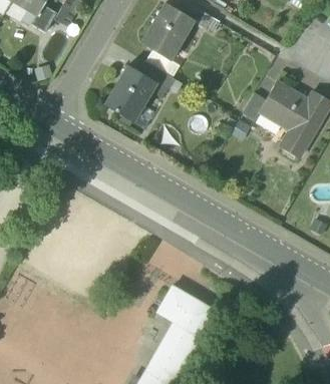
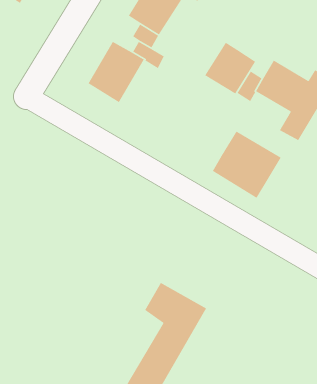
building: none -> [204,42,256,94]
building: none -> [212,130,281,199]

